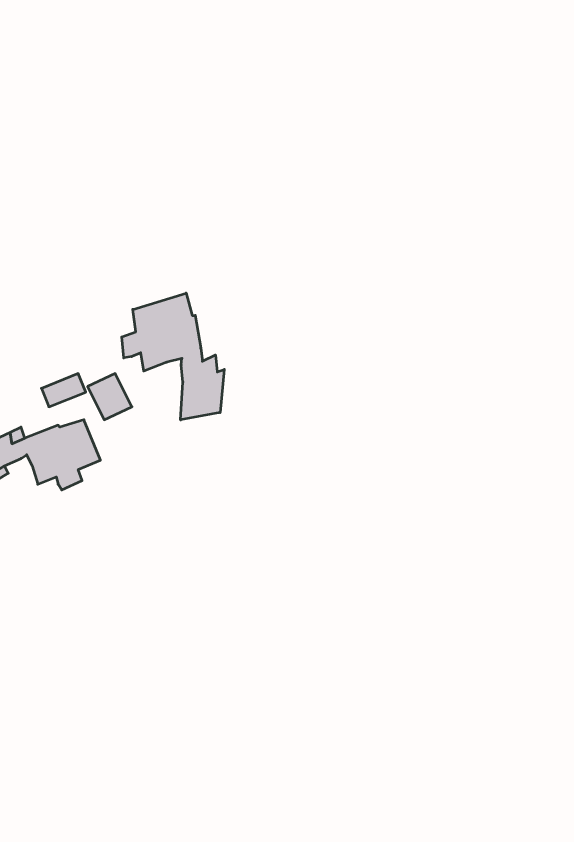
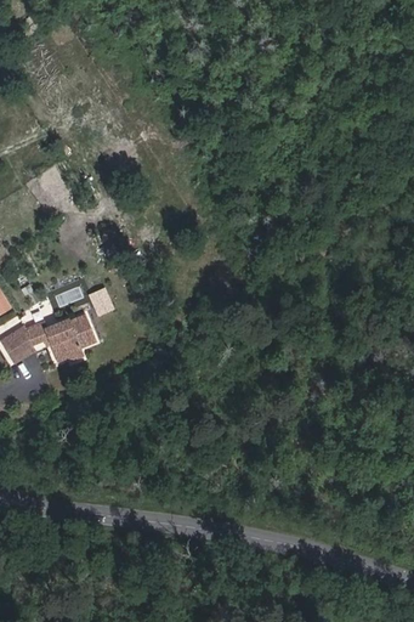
building: [122,293,224,420] -> none

